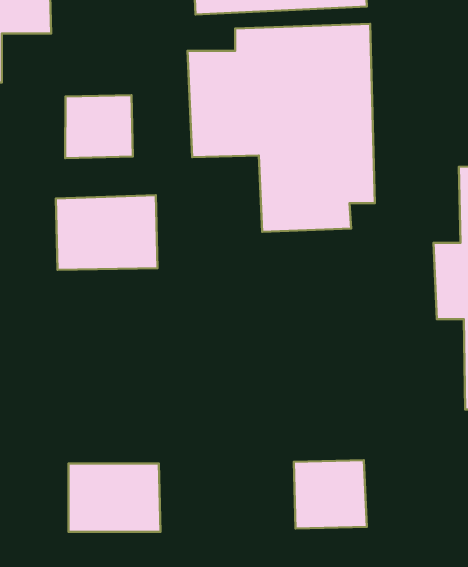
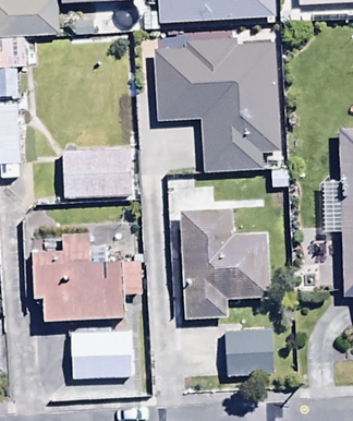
building: [65,95,133,158] -> none
building: none -> [181,205,270,318]
building: none -> [33,232,142,317]

